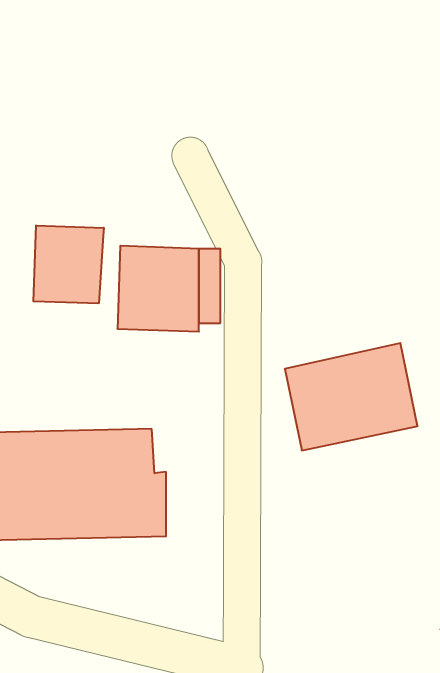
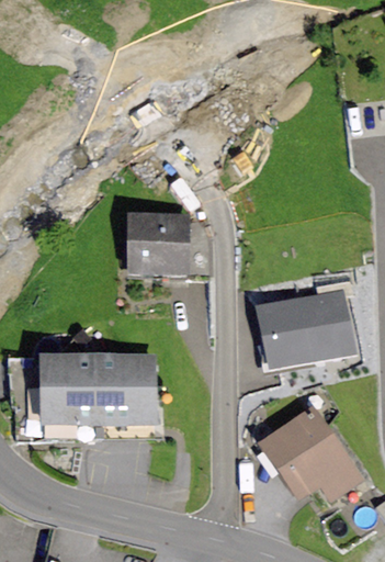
building: [33,225,104,303] -> none
building: none -> [258,404,360,497]

